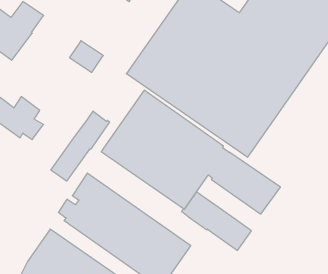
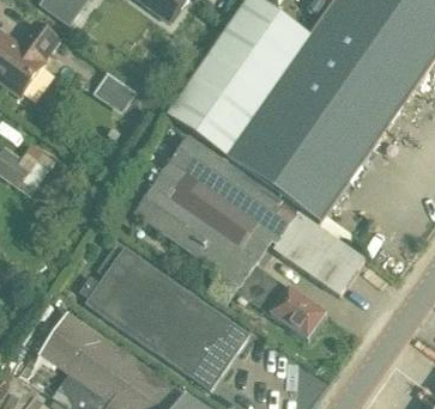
building: [51,111,110,181] -> none

